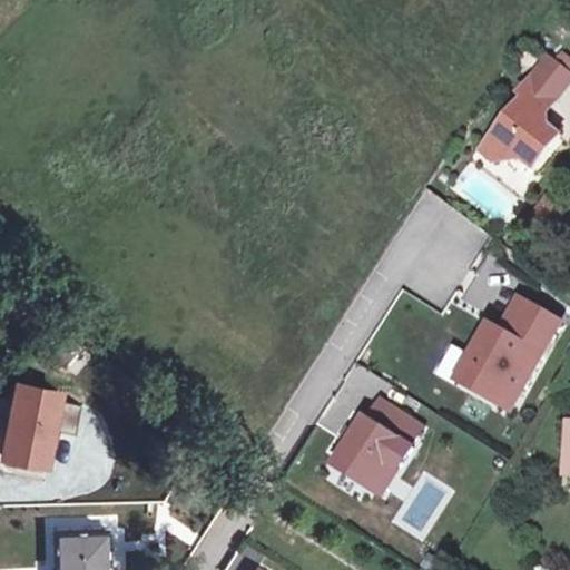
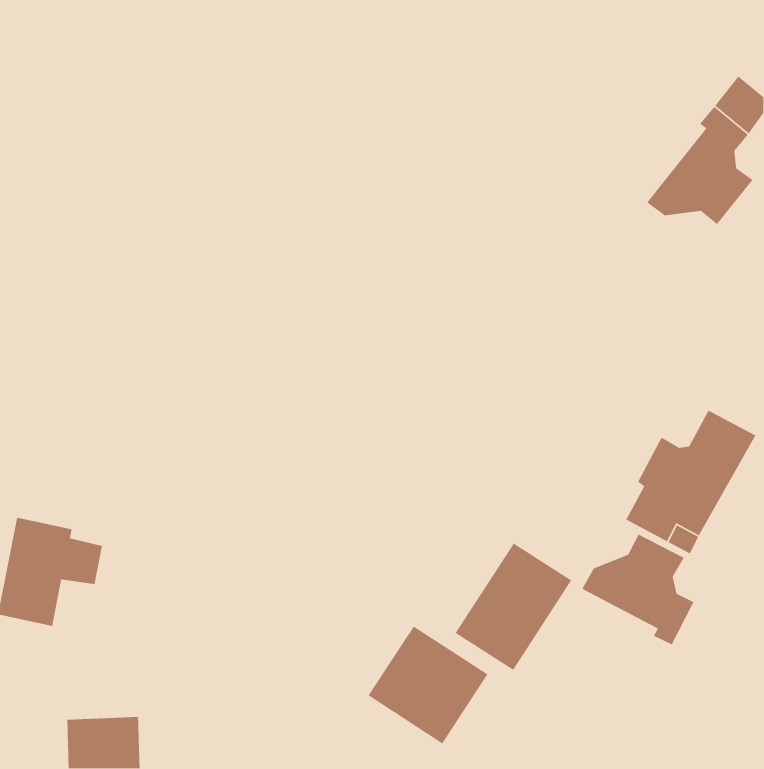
building: none -> [581,533,695,645]
building: none -> [367,625,489,744]

